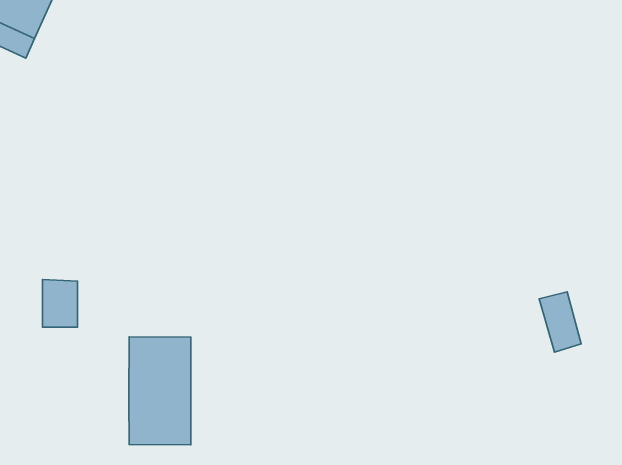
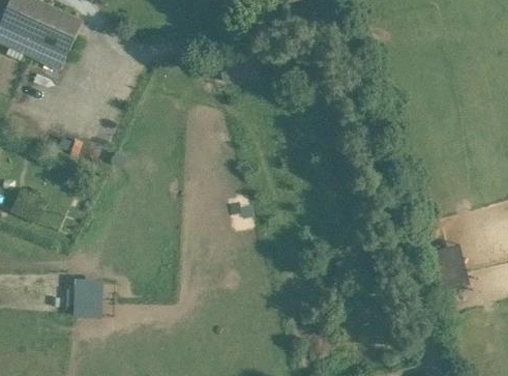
building: [43,280,78,327] -> [74,279,100,314]
building: [129,337,191,445] -> none

